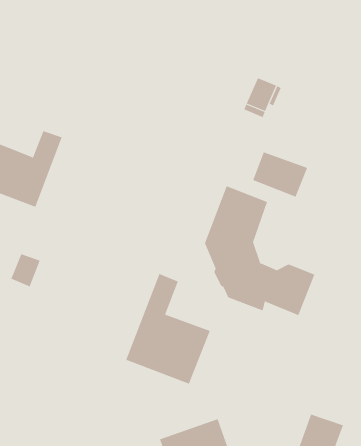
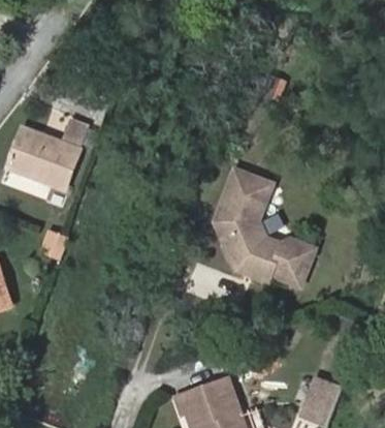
building: [252,152,308,198] -> none
building: [125,273,210,384] -> none

